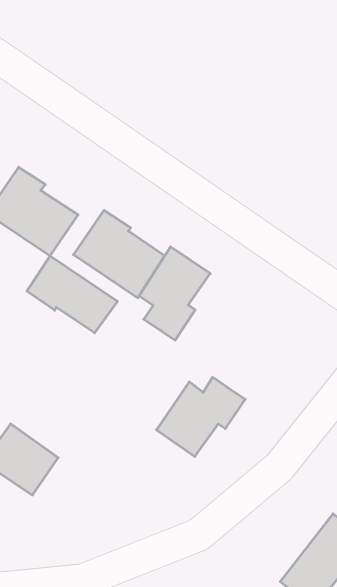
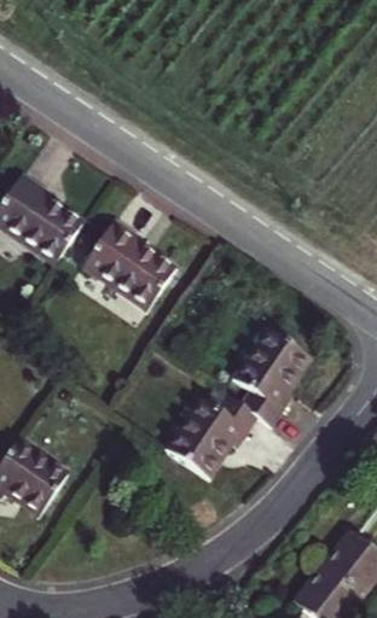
building: [139,247,210,340] -> [237,327,311,424]
building: [27,256,117,333] -> none

